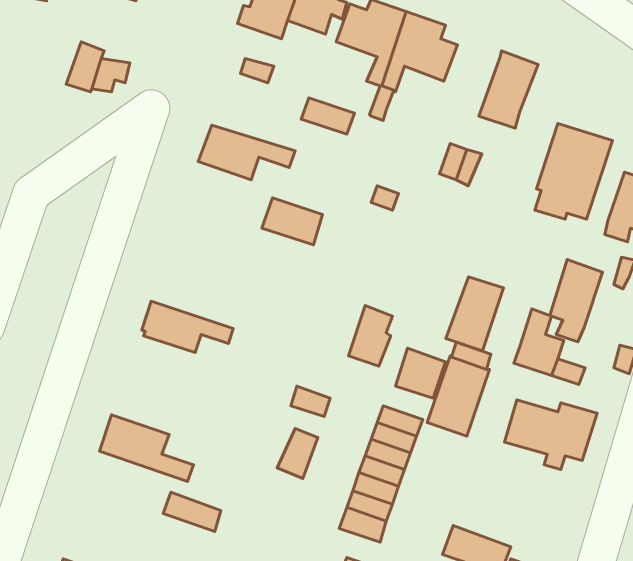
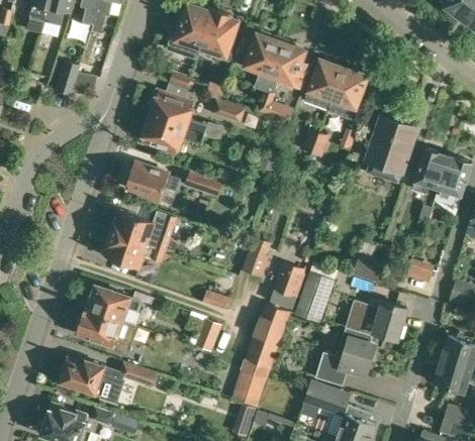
building: none -> [303,59,343,111]
building: none -> [150,92,222,138]
building: none -> [125,163,180,202]
building: [550,259,603,342] -> none
building: none -> [109,210,176,252]
building: [446,277,504,351] -> none
building: none -> [83,286,142,326]
building: none -> [314,328,375,387]
building: none -> [59,359,115,397]

